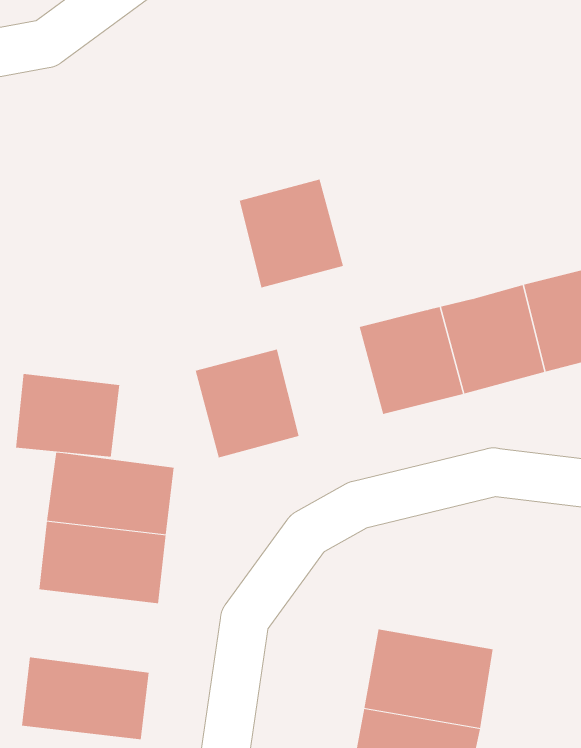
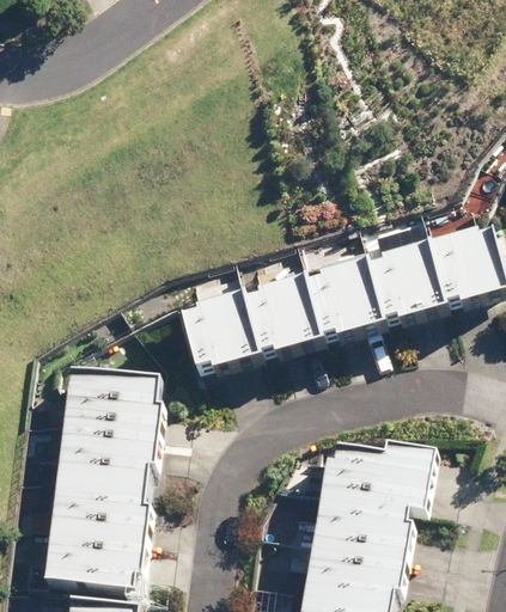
building: [239,179,344,288] -> [242,271,322,355]
building: [15,373,120,457] -> none
building: none -> [318,442,434,518]
building: none -> [51,472,151,536]

